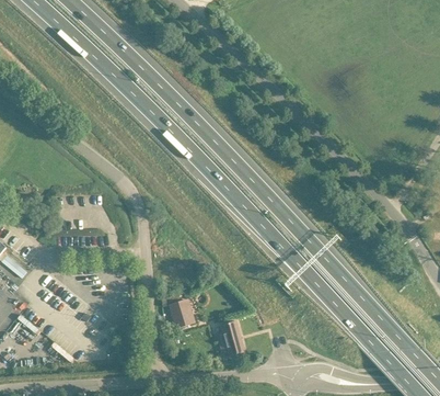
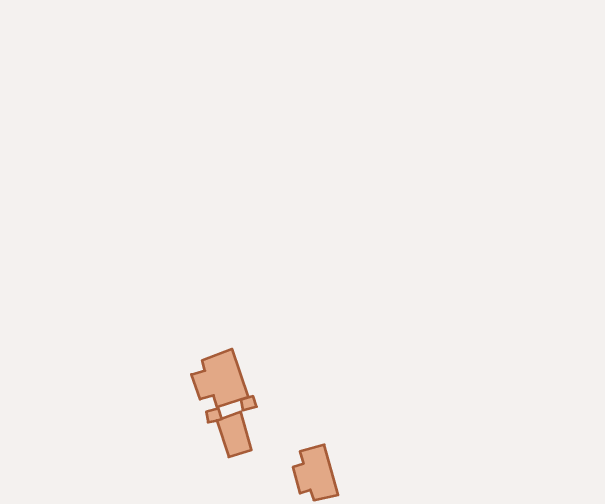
building: none -> [191,349,248,407]

